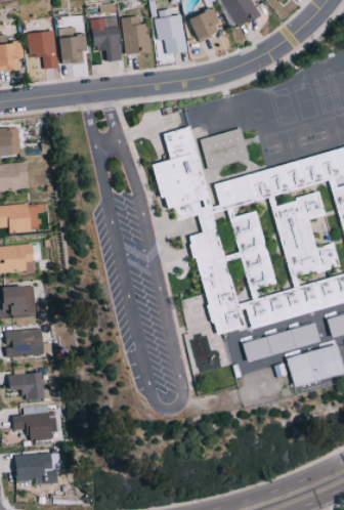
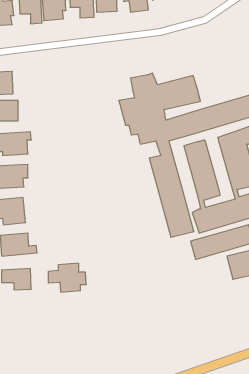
building: [11,405,58,440] -> [48,263,86,292]
building: [13,453,57,483] -> none

